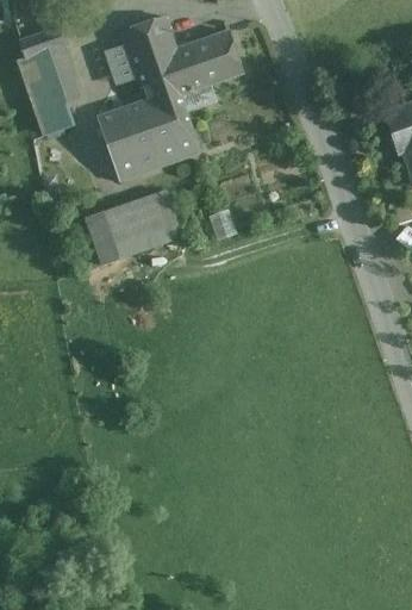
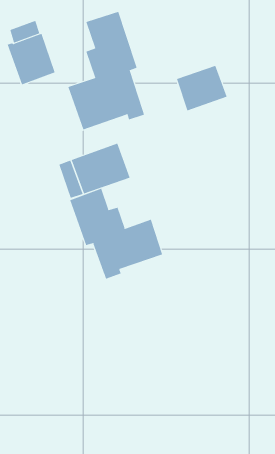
building: [176,31,244,92] -> [176,65,228,111]
building: [37,104,73,136] -> none
building: none -> [69,188,163,280]

